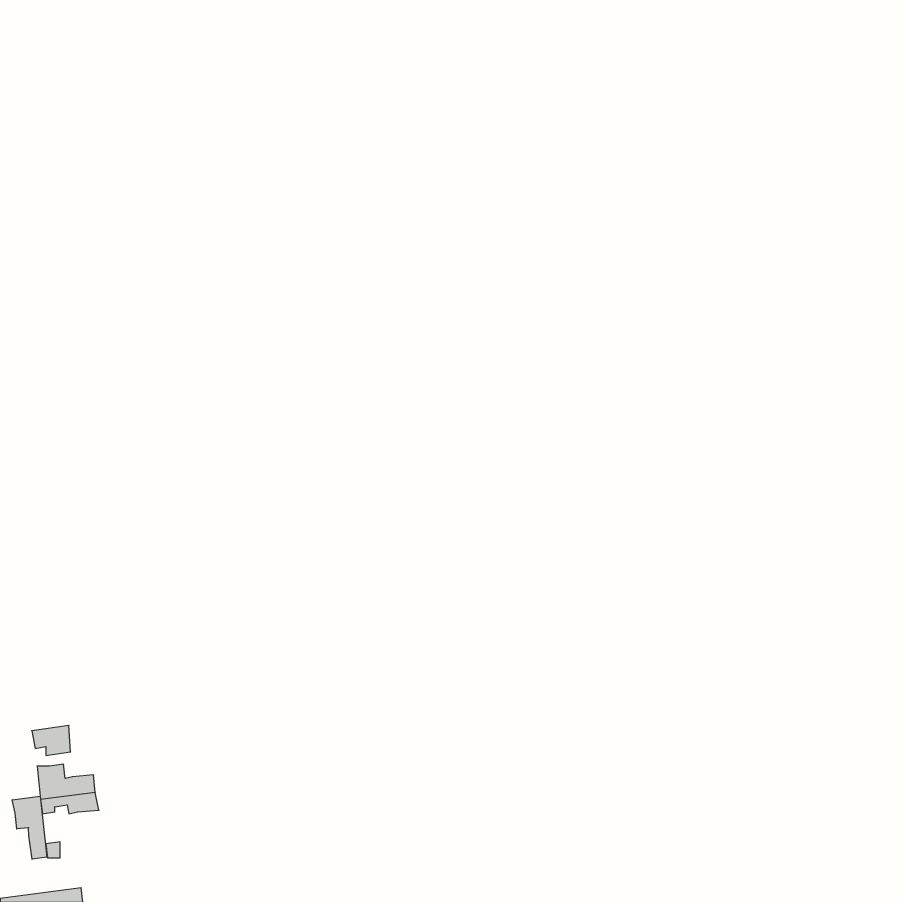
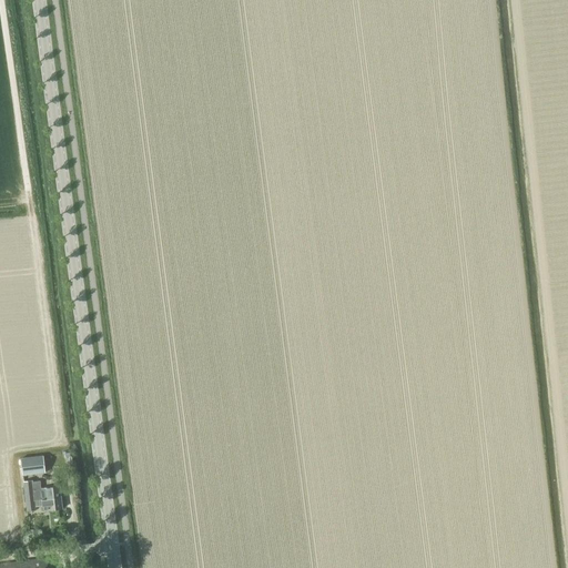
building: [12,796,47,859] -> none

